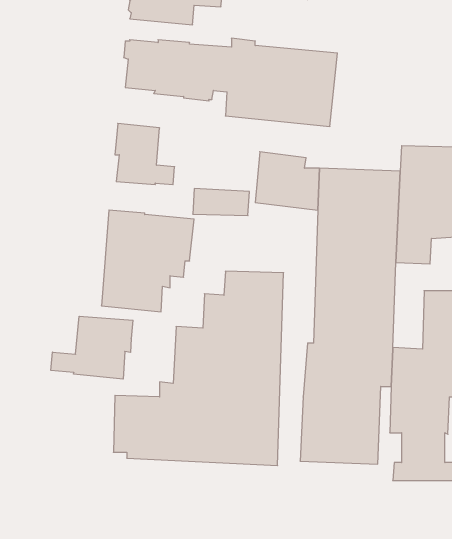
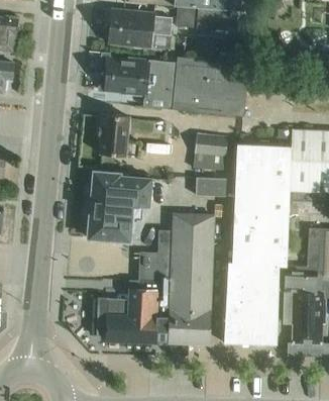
building: [193,189,249,216] -> [195,179,233,197]
building: [51,316,133,379] -> none

